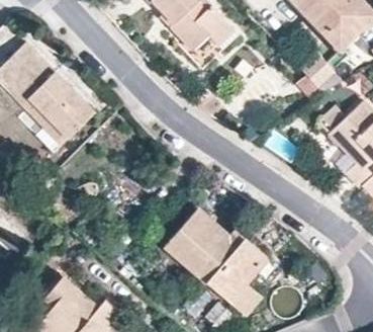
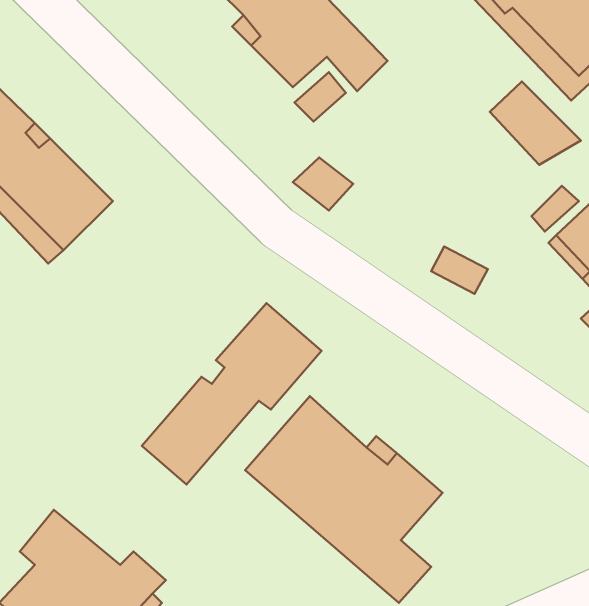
building: none -> [142,303,321,485]

